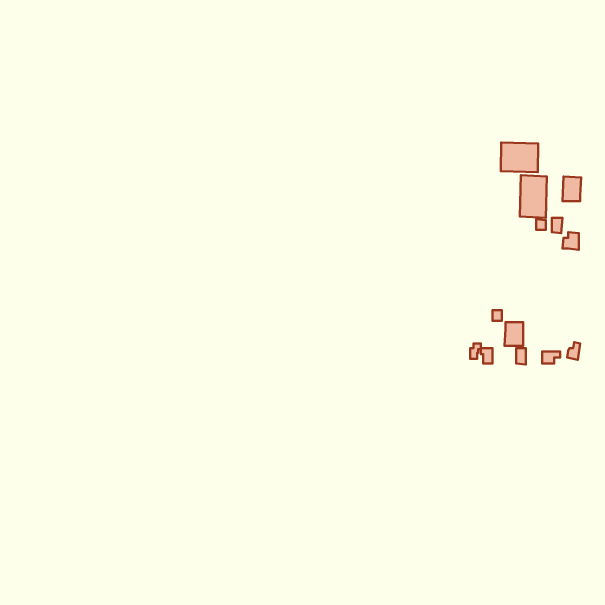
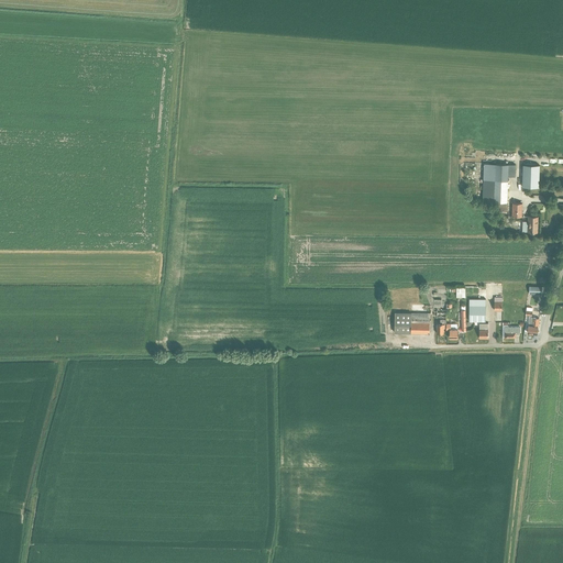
building: [501,143,538,172] -> none
building: none -> [394,309,430,333]

